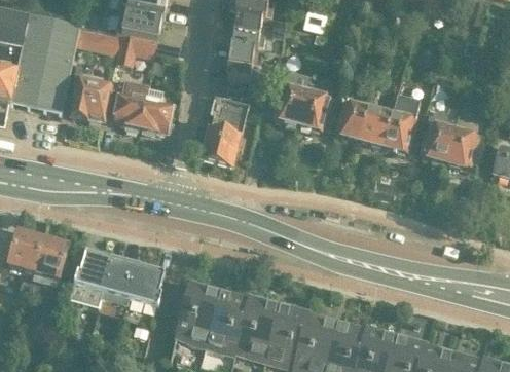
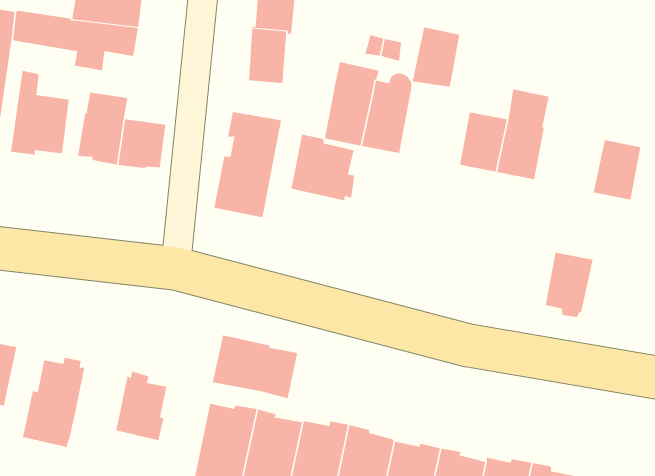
building: [335,97,368,137] -> [412,27,460,87]
building: none -> [291,134,355,201]
building: [422,119,454,162] -> [545,252,593,318]
building: none -> [212,334,298,399]
building: [100,255,138,305] -> none

